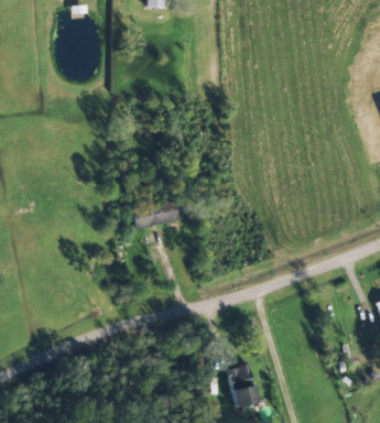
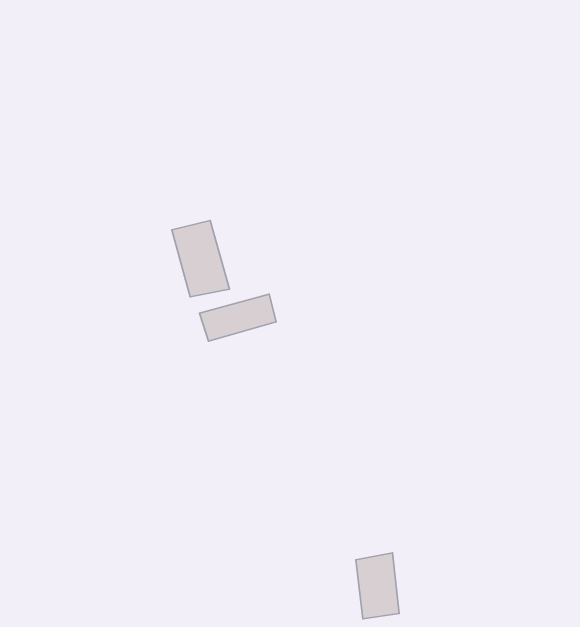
building: none -> [172,220,229,297]

